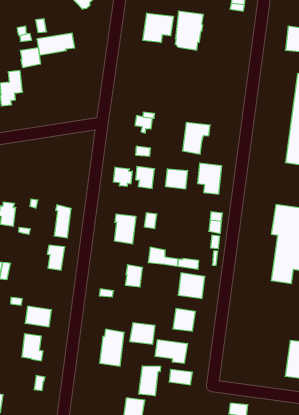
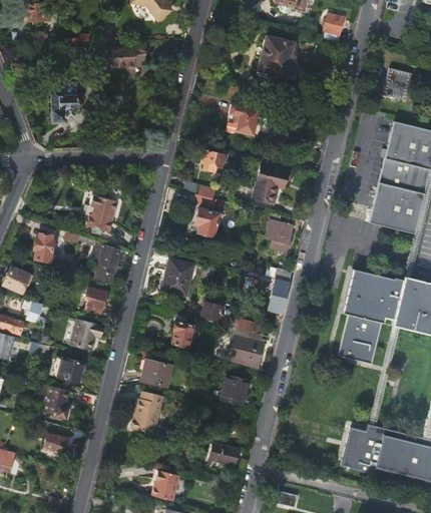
building: [143,13,173,43] -> none
building: [20,47,41,68] -> none
building: none -> [230,104,260,136]
building: none -> [87,194,117,231]
building: [114,167,132,186] -> none
building: [166,169,188,189] -> none
building: none -> [71,319,102,348]
building: [130,323,155,344] -> [139,359,170,386]
building: [155,340,188,363] -> none
building: [139,366,160,396] -> none

